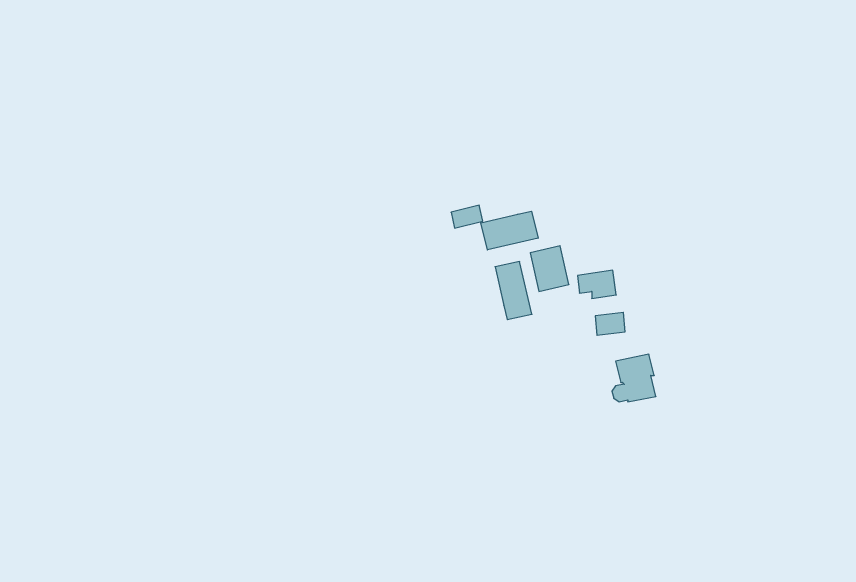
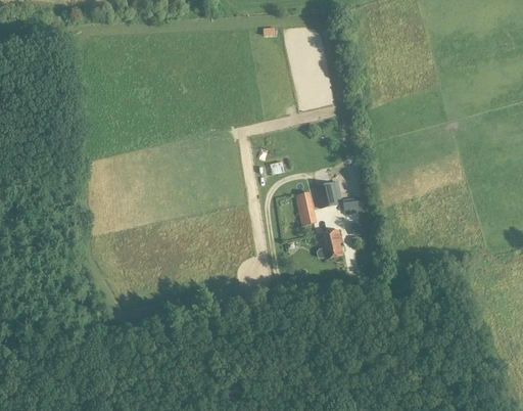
building: [481,211,538,250] -> none
building: [612,354,656,402] -> [318,230,343,258]

